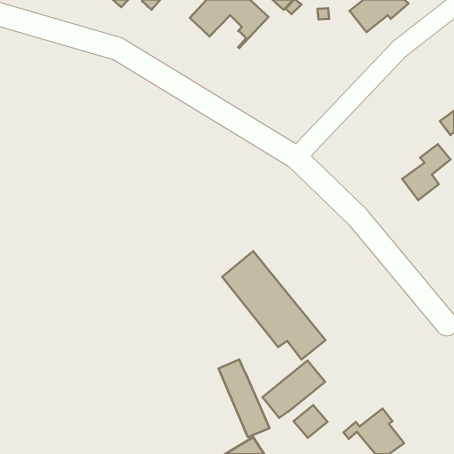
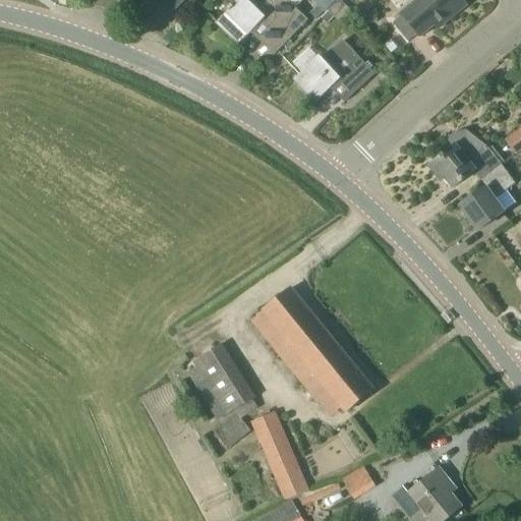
building: none -> [292,40,373,102]
building: none -> [428,130,500,187]
building: none -> [190,343,256,449]
building: [262,361,325,418] -> none

